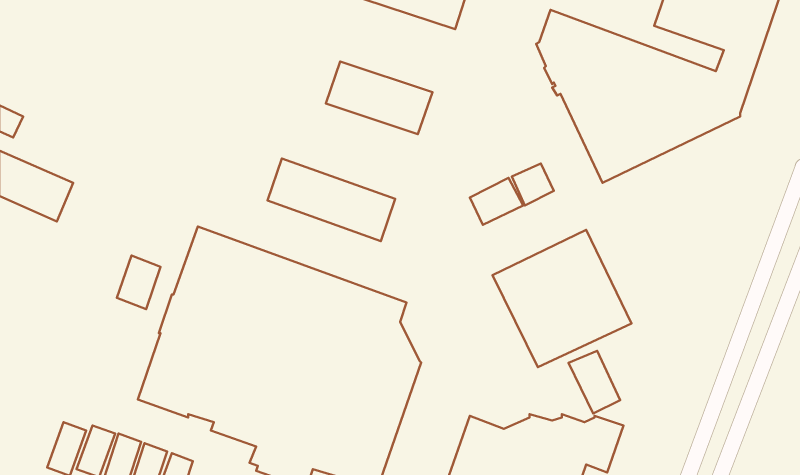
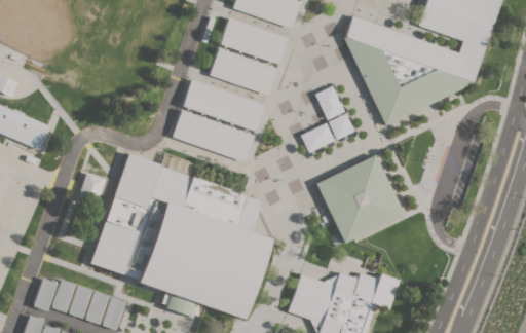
building: none -> [222,17,289,64]
building: none -> [184,79,265,131]
building: none -> [315,85,346,120]
building: [569,351,620,414] -> none

